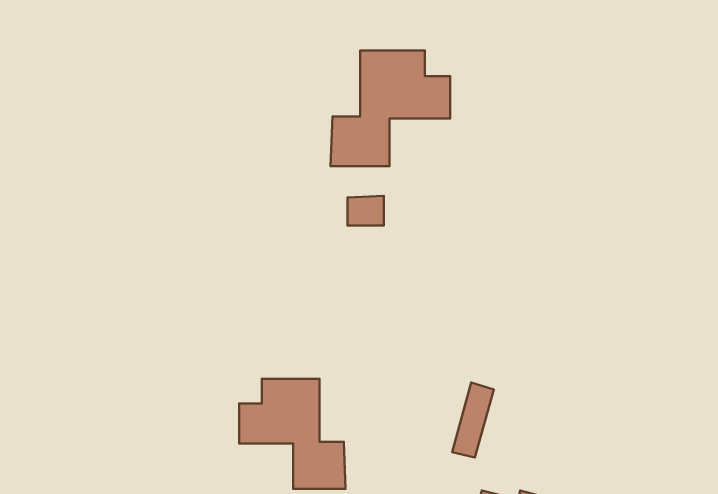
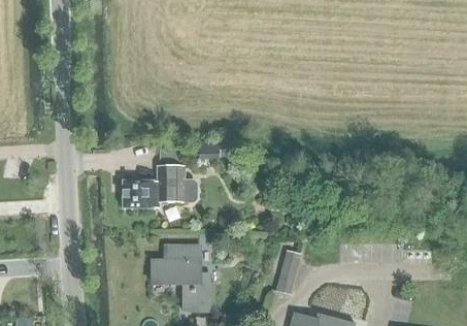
building: [331,51,450,166] -> none
building: none -> [119,168,195,209]

